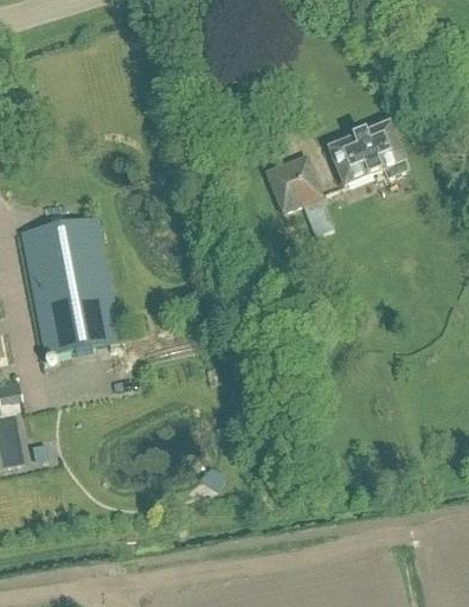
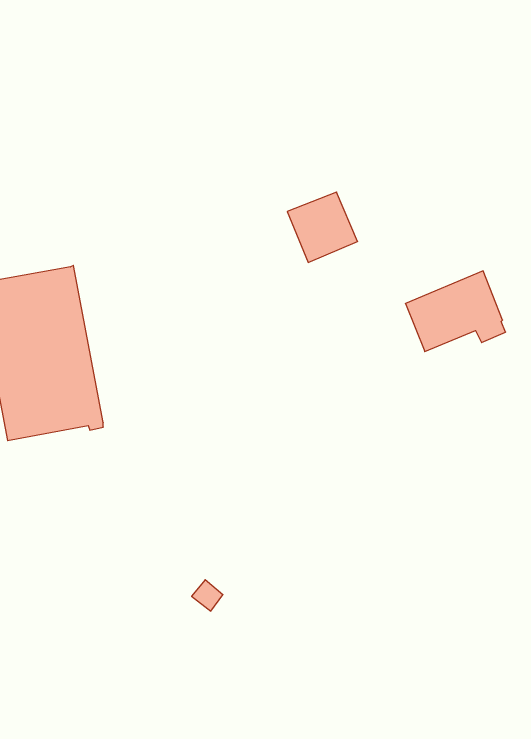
building: [327,119,406,183] -> [405,271,506,352]

